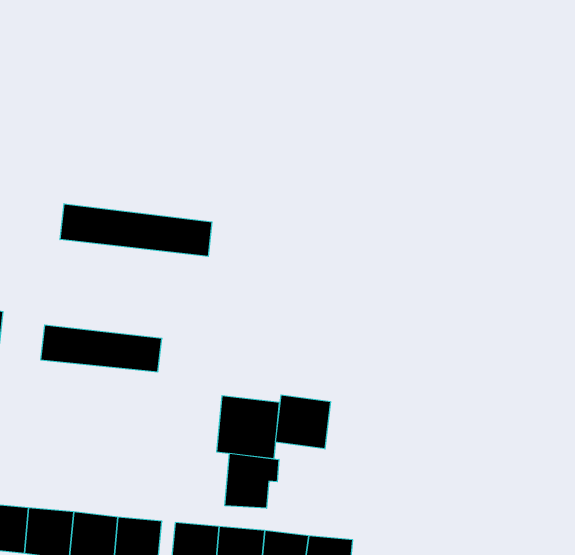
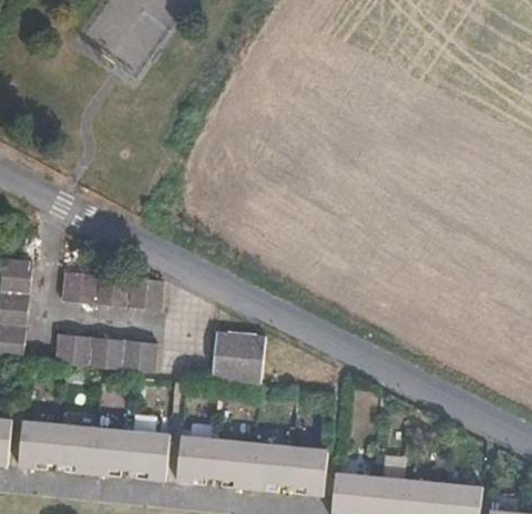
building: [60,204,212,256] -> none
building: [276,395,330,449] -> none
building: none -> [60,332,161,372]
building: [225,453,279,508] -> none

